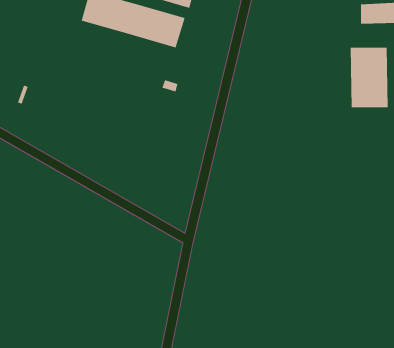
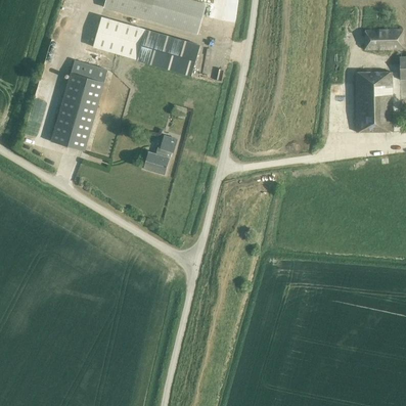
building: none -> [50,59,107,150]
building: none -> [143,134,178,174]

